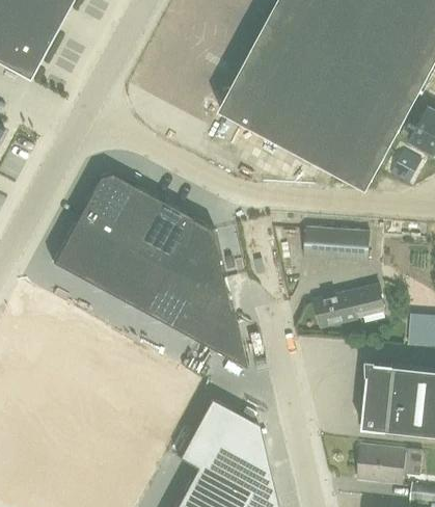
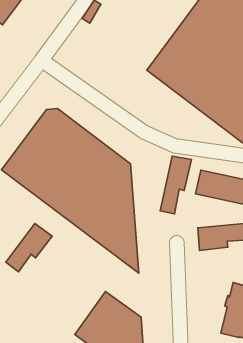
building: none -> [160,156,191,214]
building: none -> [6,224,52,272]

